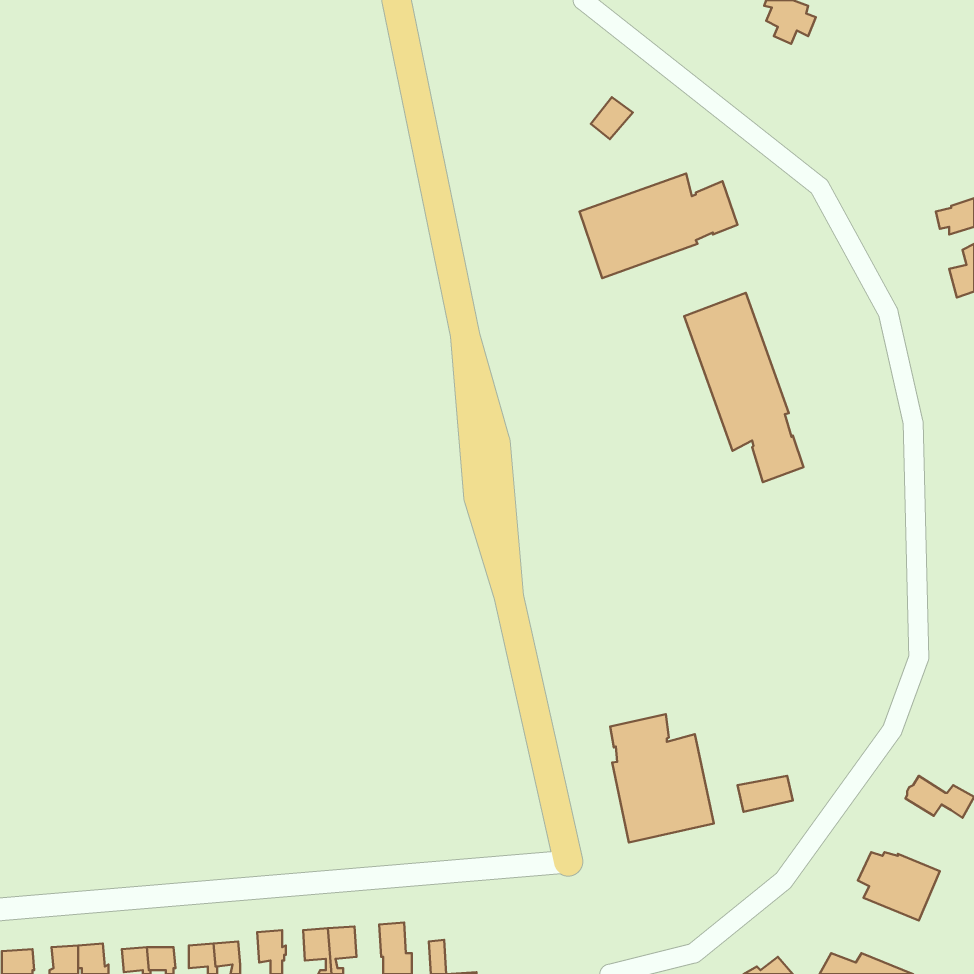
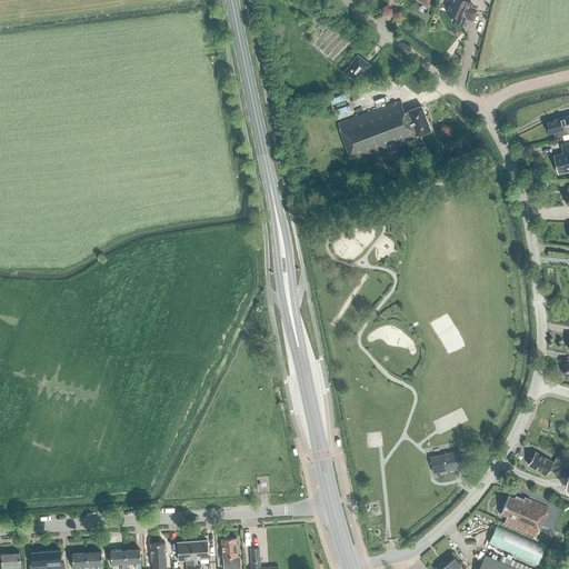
building: [684,293,803,482] -> none
building: [610,714,714,842] -> none
building: none -> [497,528,546,563]

